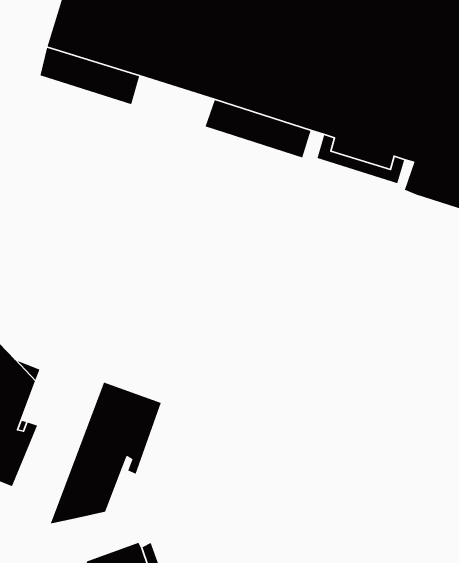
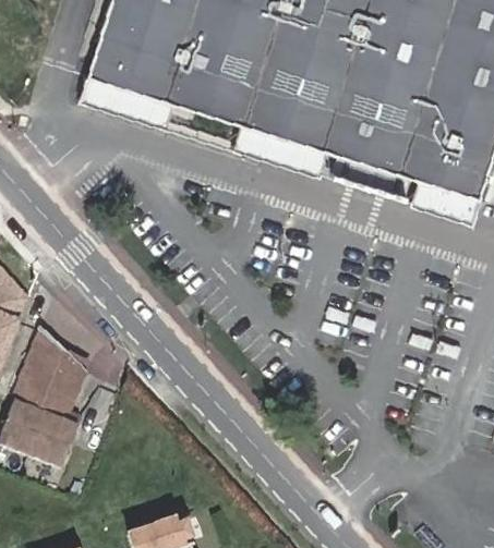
building: [50,382,162,525] -> none

